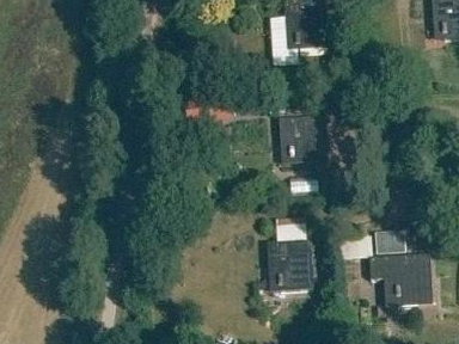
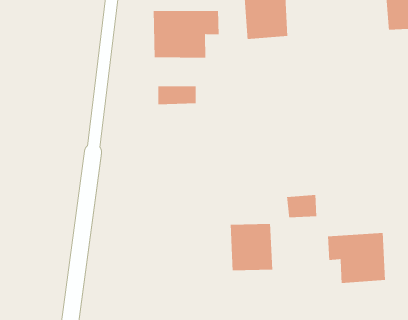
building: none -> [153,10,219,59]
building: [280,117,323,164] -> none
building: [375,227,408,252] -> [286,194,317,218]

